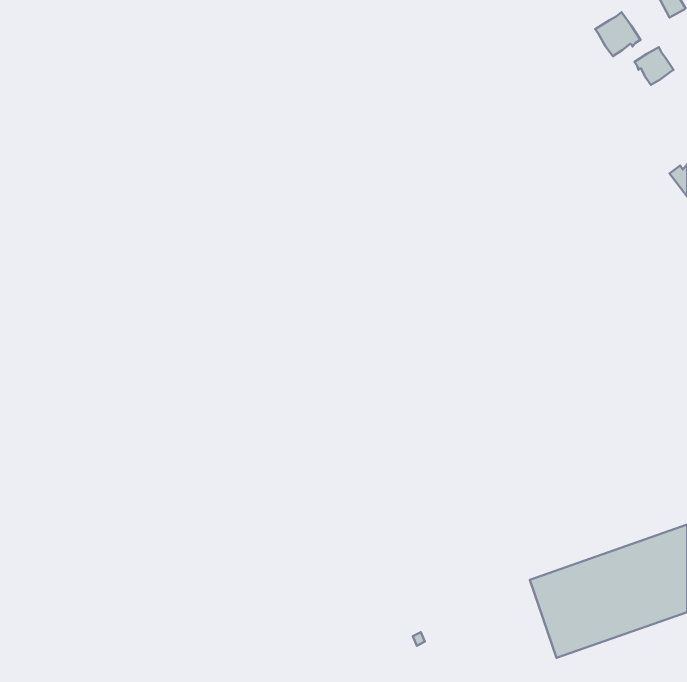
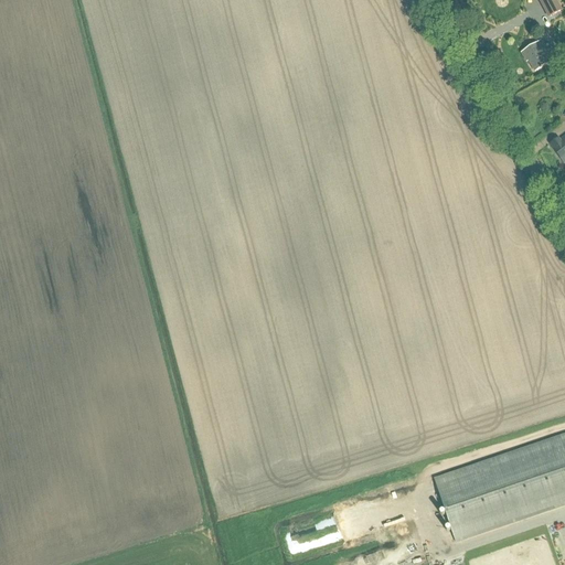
building: [595,12,640,56] -> none

